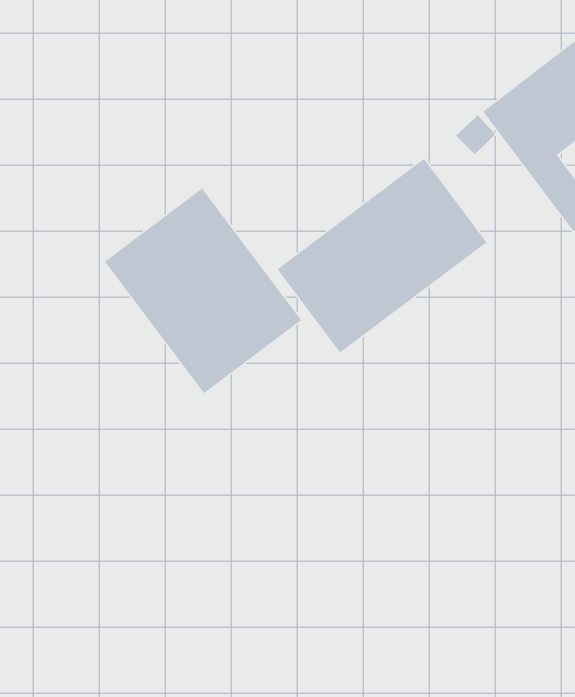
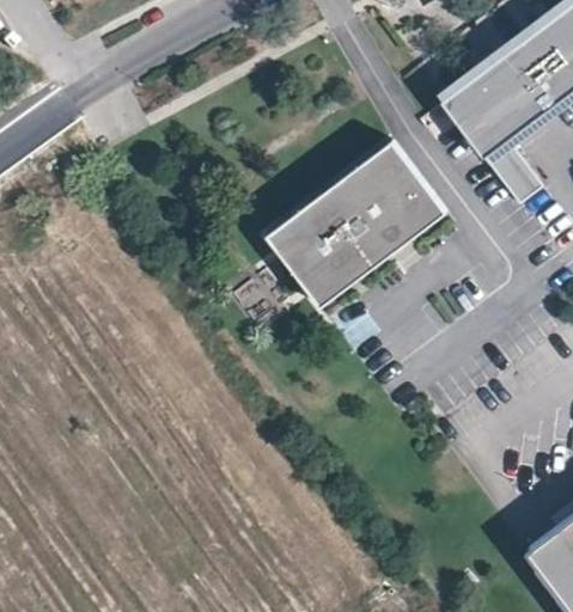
building: [104,187,302,394] -> none

